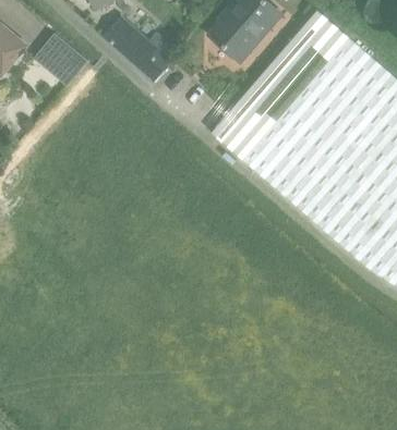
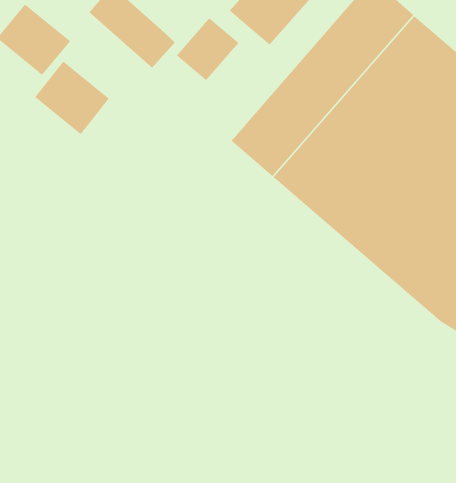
building: none -> [176,17,240,81]
building: none -> [34,60,110,135]

